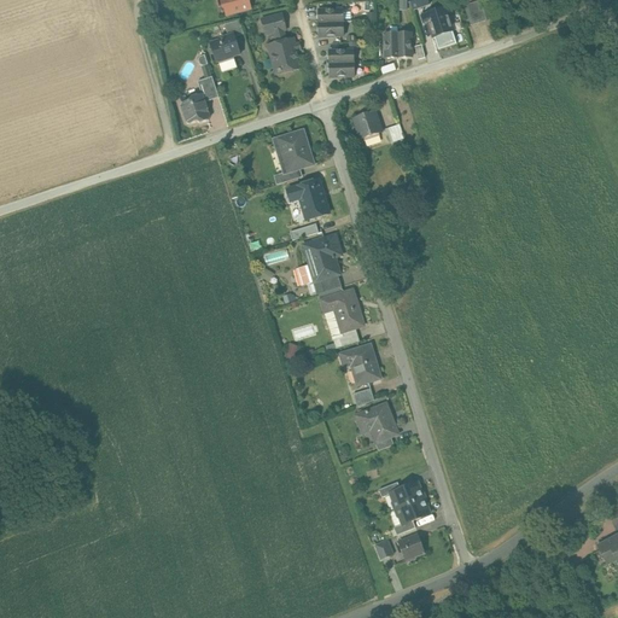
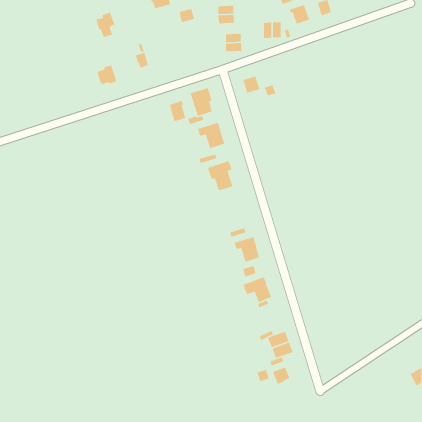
building: [267,29,299,71] -> none
building: [210,33,239,71] -> [96,12,115,38]
building: [180,92,209,122] -> [97,64,117,85]
building: none -> [169,100,186,122]
building: [322,287,365,331] -> none

